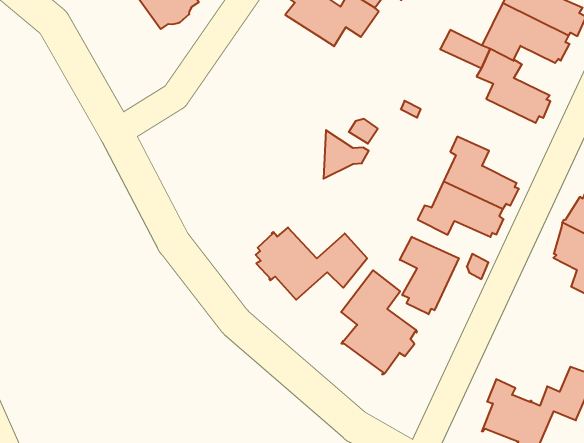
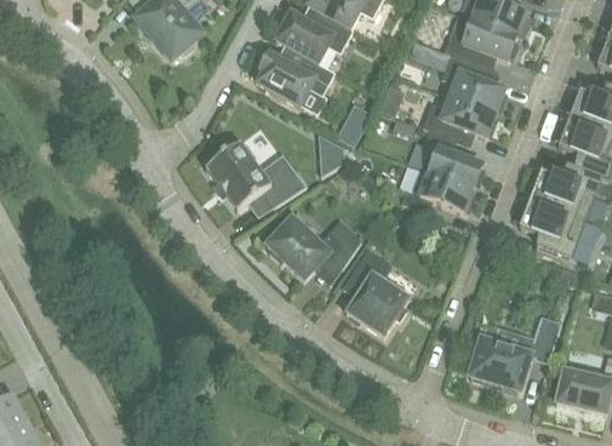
building: none -> [258,51,336,104]
building: none -> [423,95,496,136]
building: none -> [205,141,307,208]
building: [400,237,459,314] -> none

